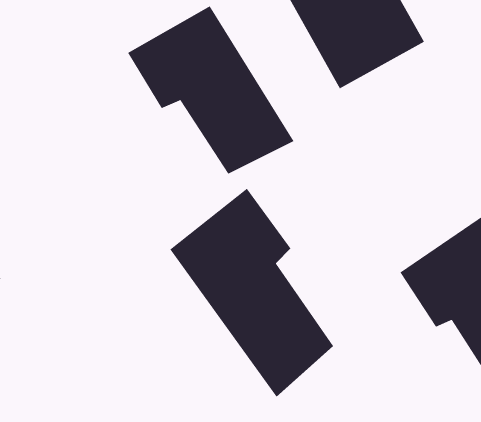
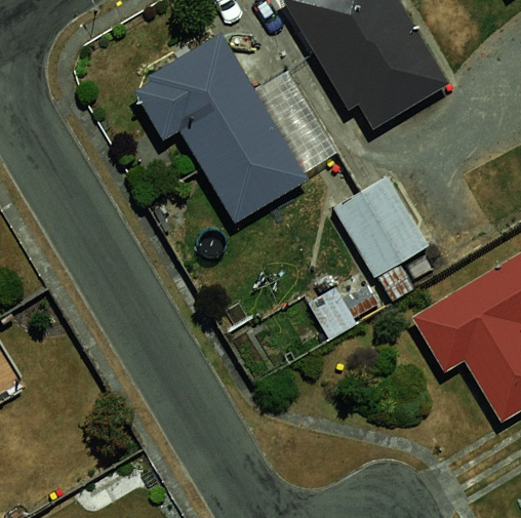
building: none -> [326,186,423,288]
building: [170,188,334,397] -> none

